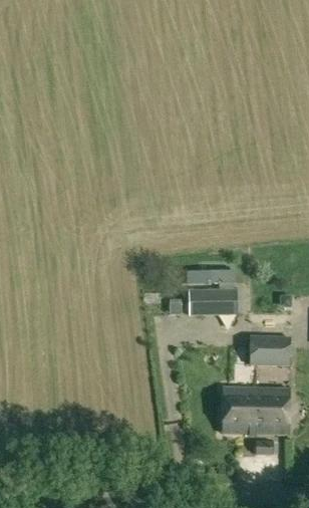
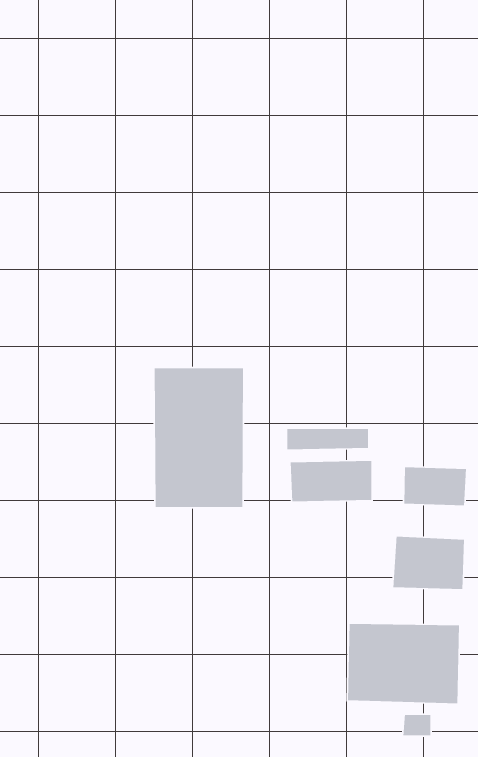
building: none -> [154,367,244,508]
building: none -> [404,467,467,506]

